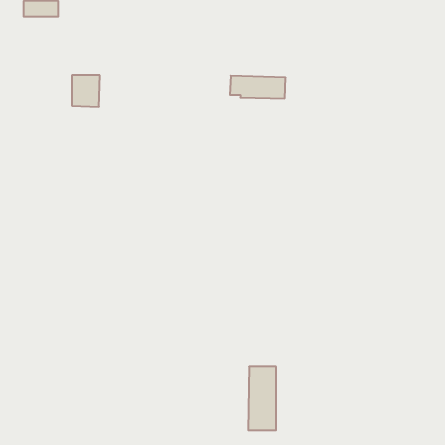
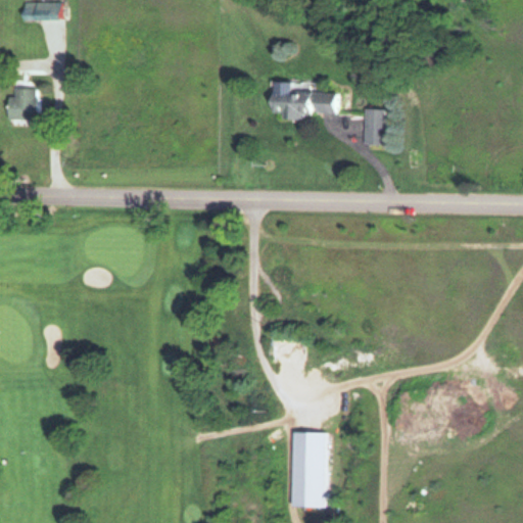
building: [72,75,100,107] -> [14,88,47,125]
building: none -> [363,108,385,144]

